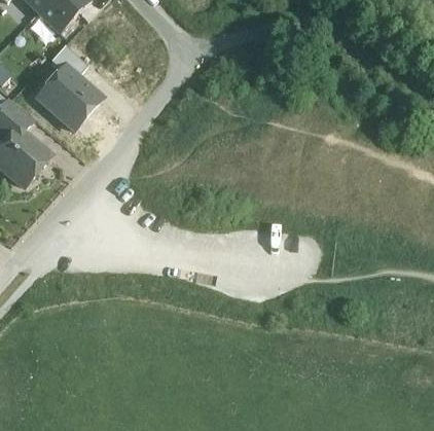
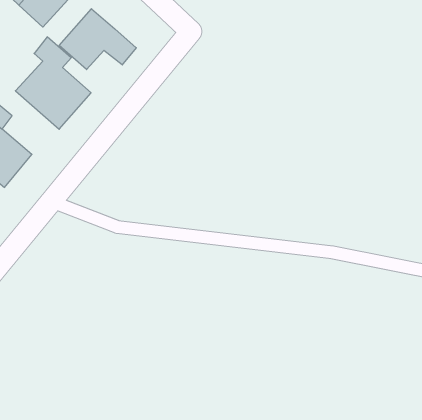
building: none -> [59,9,136,70]

